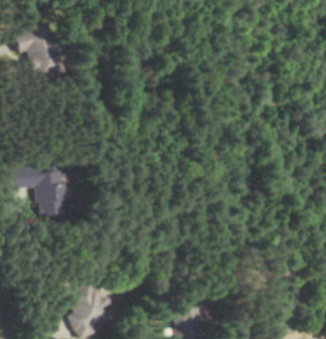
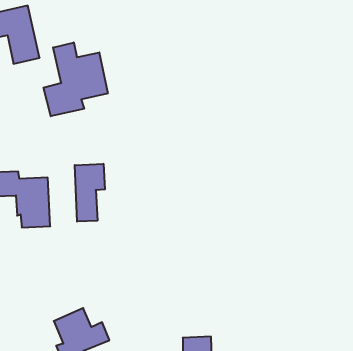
building: none -> [44,42,108,116]
building: none -> [75,164,105,222]

